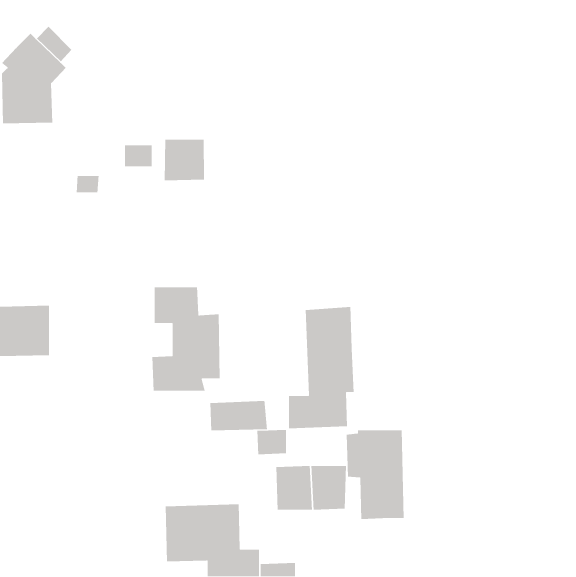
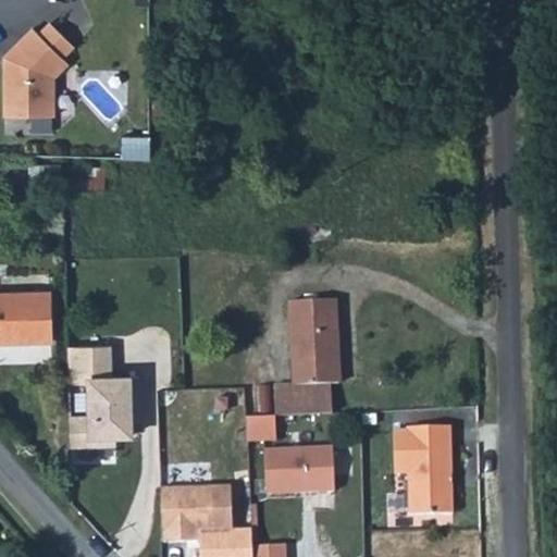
building: [164,139,205,181] -> none
building: [152,286,220,392] -> [65,347,132,448]
building: [209,400,268,431] -> none
building: [346,430,405,520] -> [396,423,453,510]

